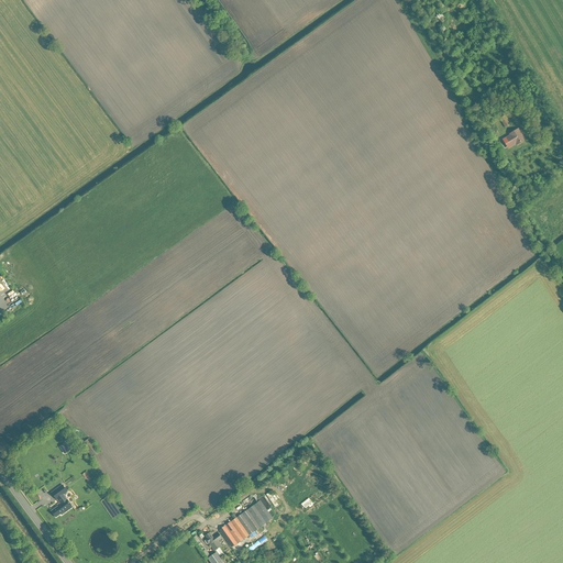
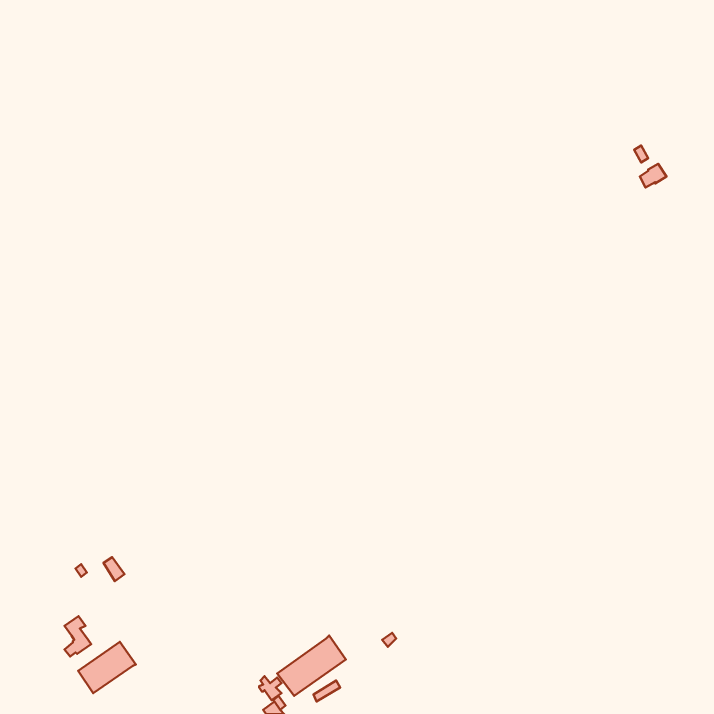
building: none -> [78,642,136,693]

